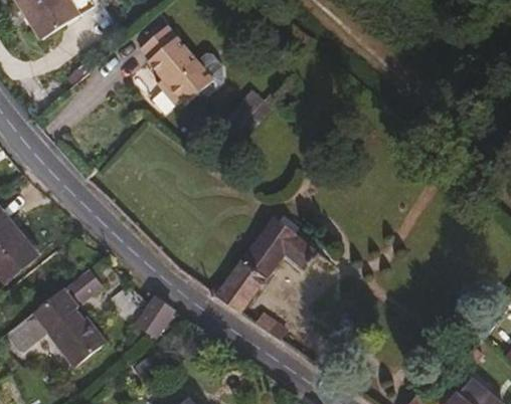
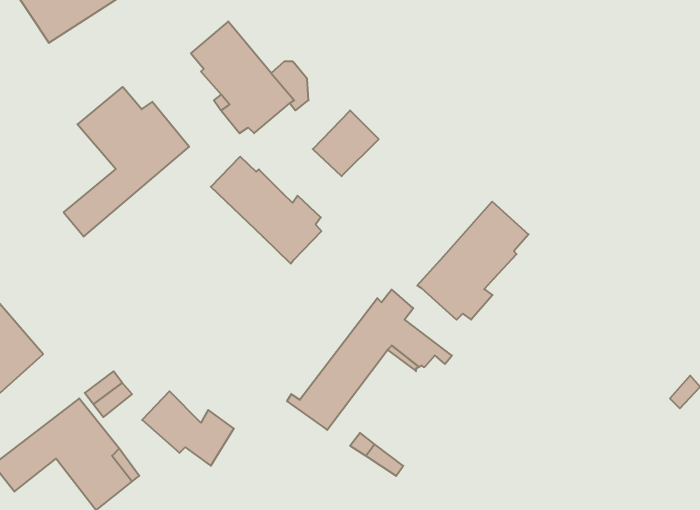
building: none -> [64,87,189,237]
building: none -> [211,157,321,264]
building: none -> [417,202,529,320]

